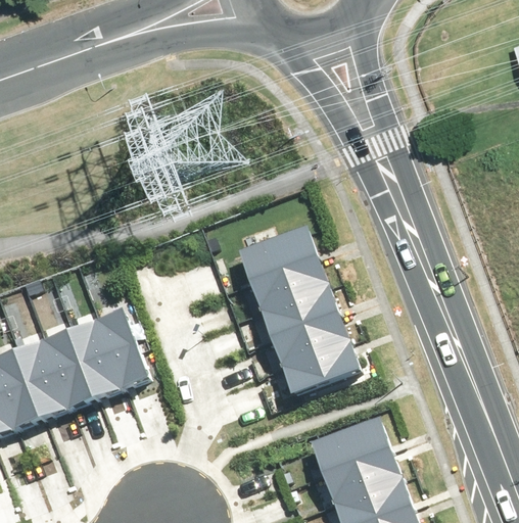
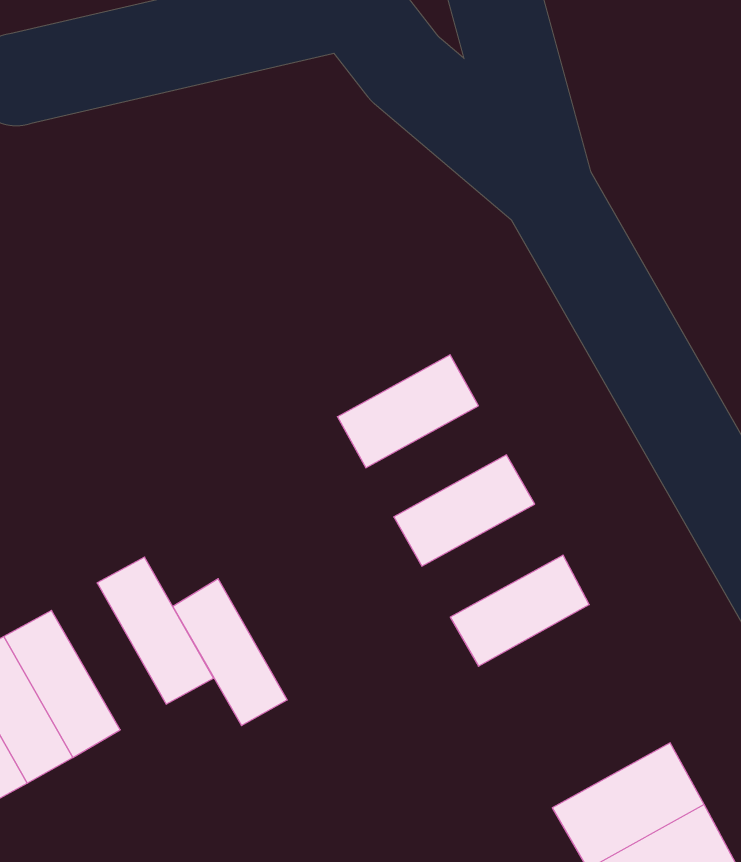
building: [249,255,326,308] -> none
building: [272,313,348,367] -> none
building: [69,321,124,401] -> [173,579,287,726]
building: [310,416,391,477] -> none

